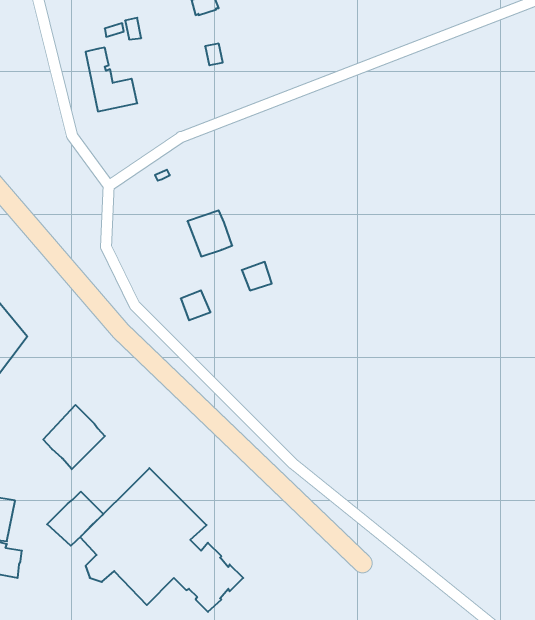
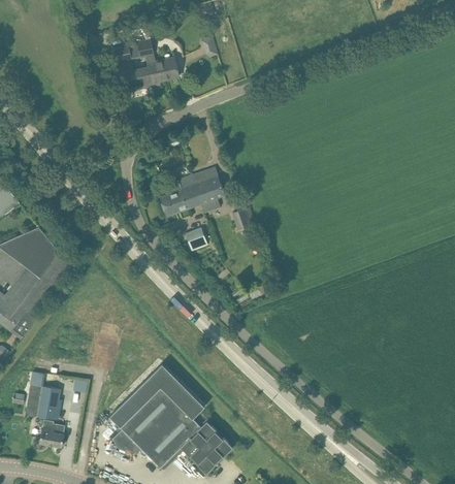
building: none -> [136,39,177,86]
building: none -> [159,175,200,215]
building: [43,405,105,469] -> none
building: [47,492,103,546] -> none

